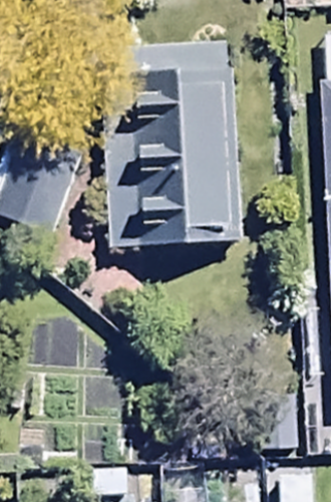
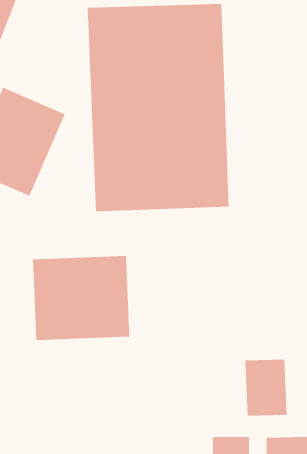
building: none -> [32,255,130,341]

